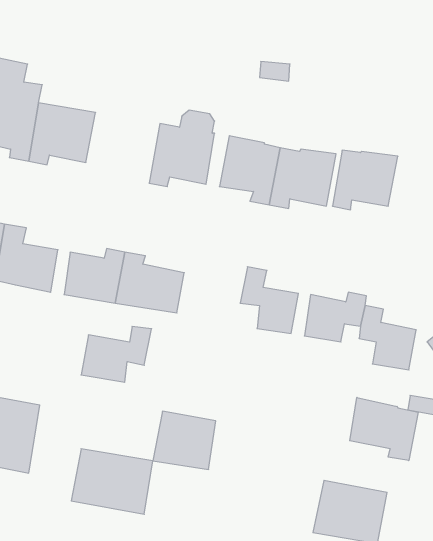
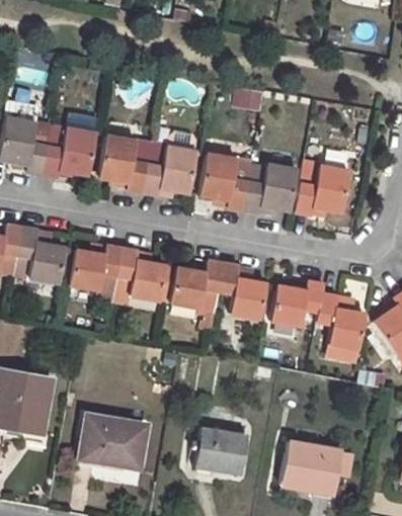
building: none -> [100,136,152,192]
building: [81,326,152,382] -> [166,260,225,307]
building: [350,397,418,461] -> none
building: [153,411,216,469] -> [193,426,246,475]

